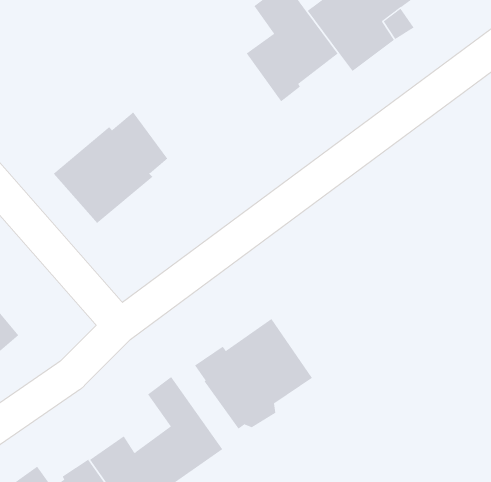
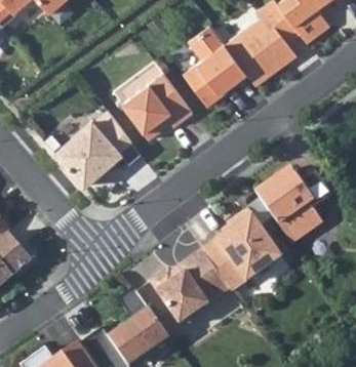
building: none -> [122,72,193,138]
building: none -> [255,168,331,243]
building: none -> [201,209,281,292]

